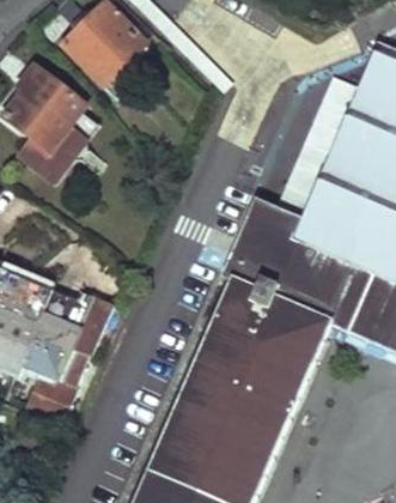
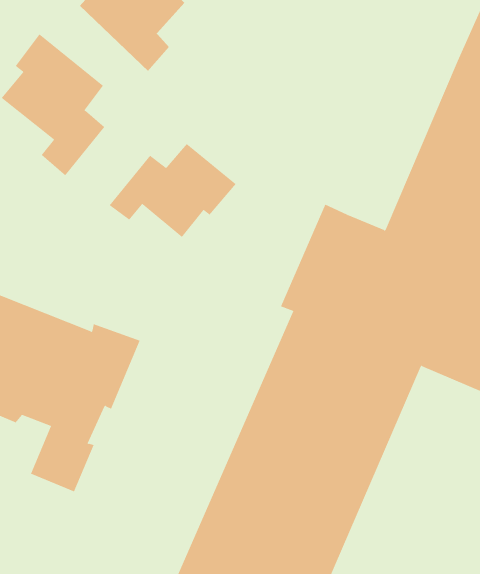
building: [275,73,360,217] -> none
building: none -> [109,143,237,238]

